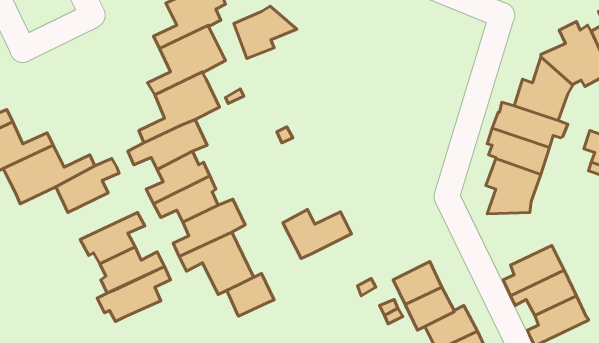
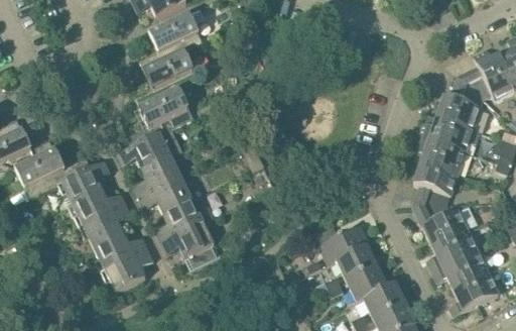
building: [234,6,297,59] -> none
building: none -> [69,189,126,227]
building: [283,209,351,258] -> [312,224,369,264]
building: none -> [414,205,468,248]
building: [227,274,274,316] -> none

